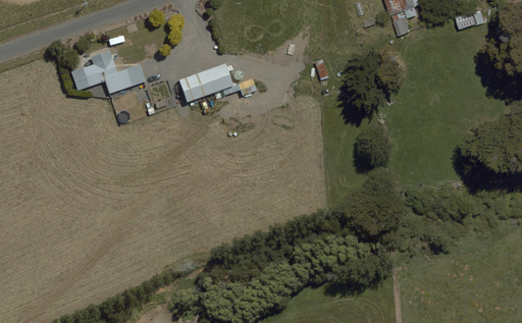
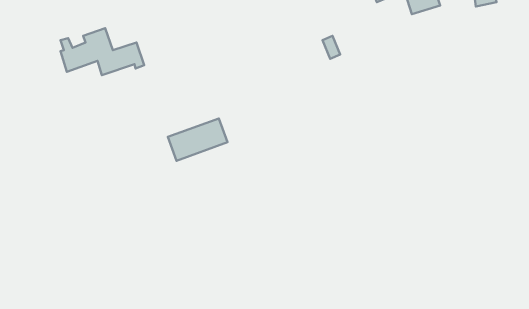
building: [176,63,232,103] -> [168,118,227,161]

